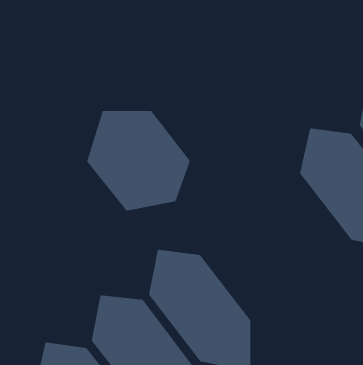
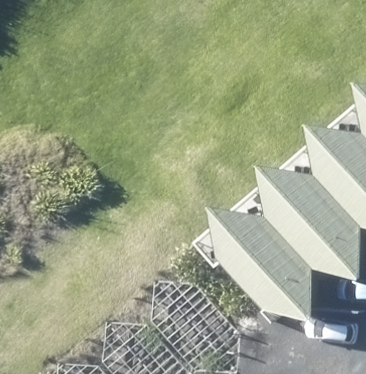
building: [86,110,191,212] -> none
building: none -> [249,176,340,282]

